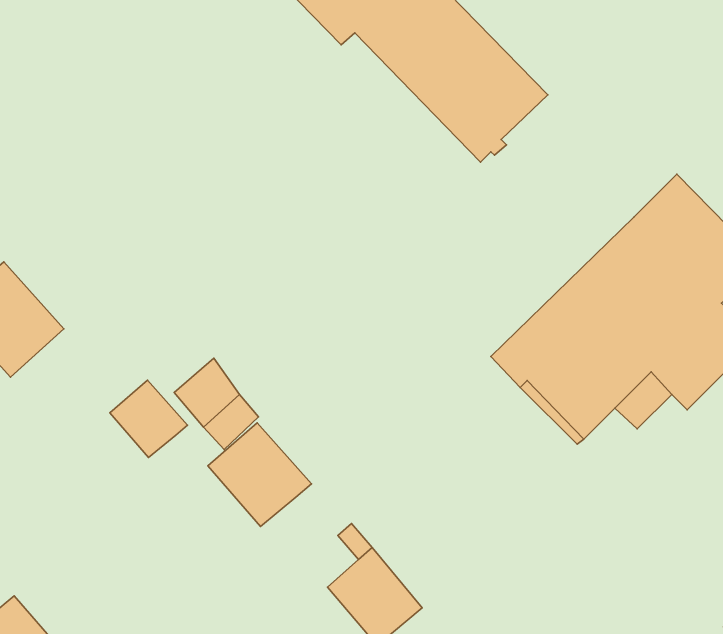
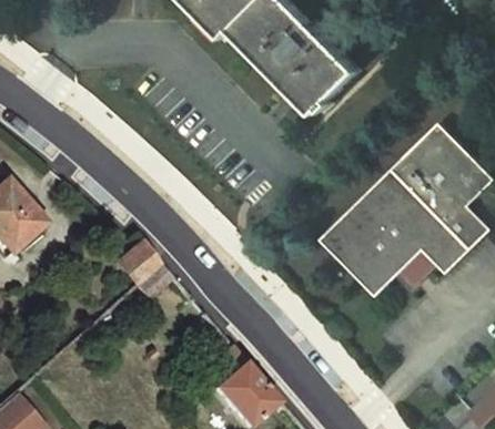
building: [110,380,188,458] -> none
building: [208,423,312,527] -> none

